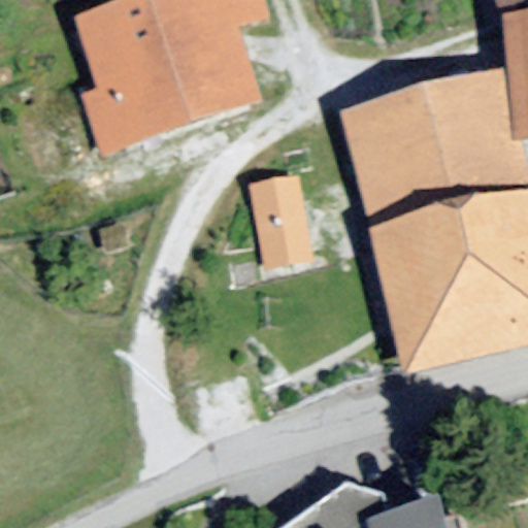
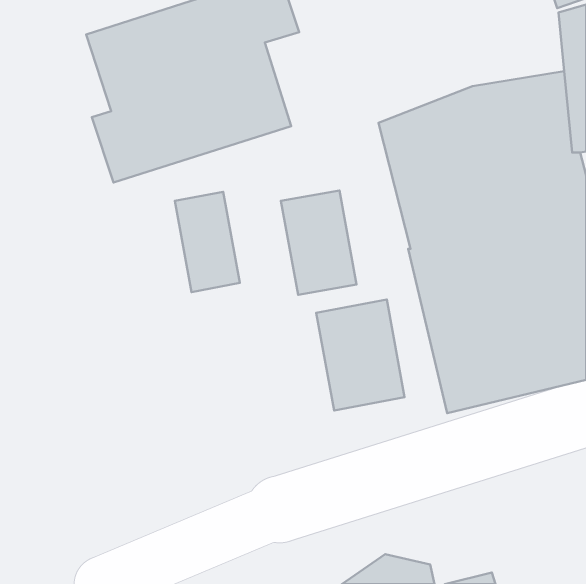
building: none -> [175,192,240,292]
building: none -> [316,300,405,410]

